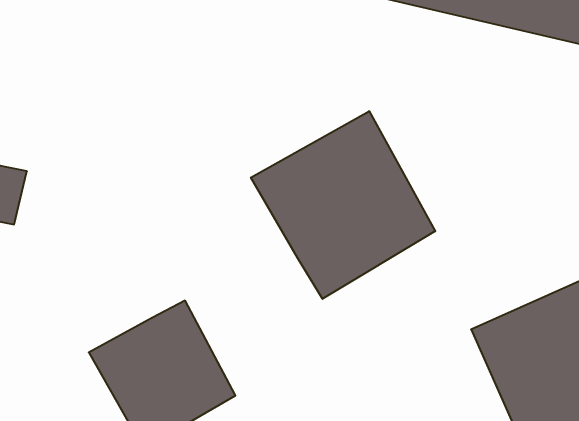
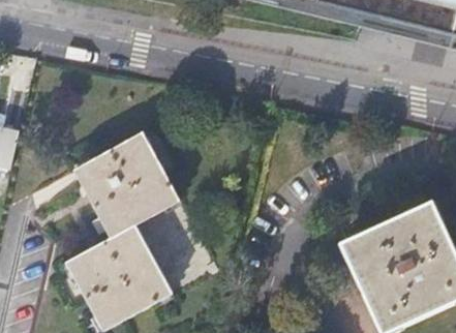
building: [251,111,435,299] -> none
building: none -> [74,128,179,234]

